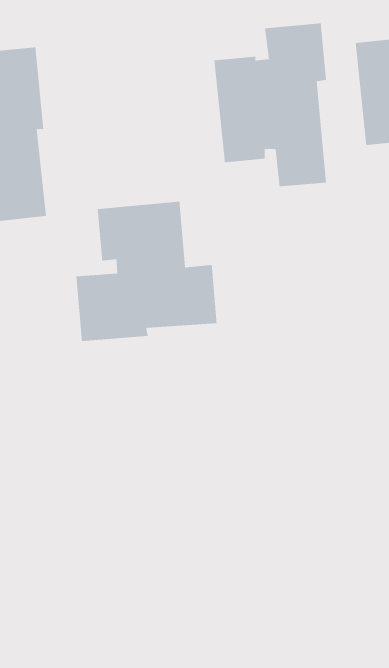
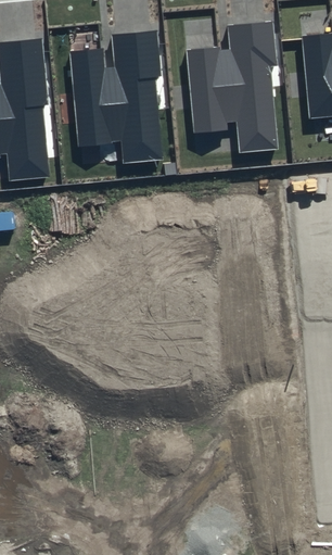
building: none -> [71,29,163,162]
building: [76,201,217,342] -> none

